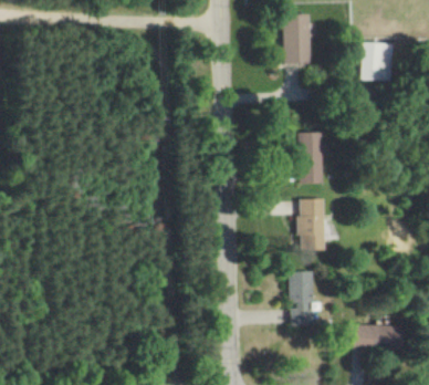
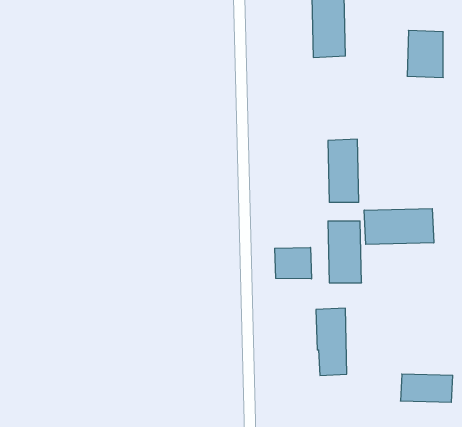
building: none -> [364,209,434,244]
building: none -> [275,247,311,279]

